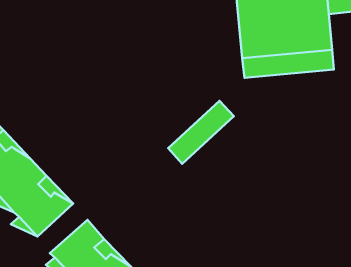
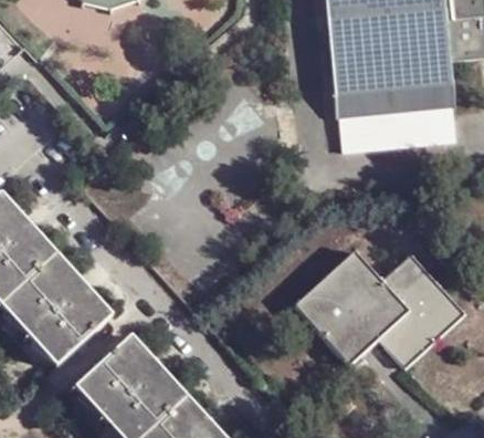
building: [168,101,234,164] -> none
building: none -> [297,252,465,367]

